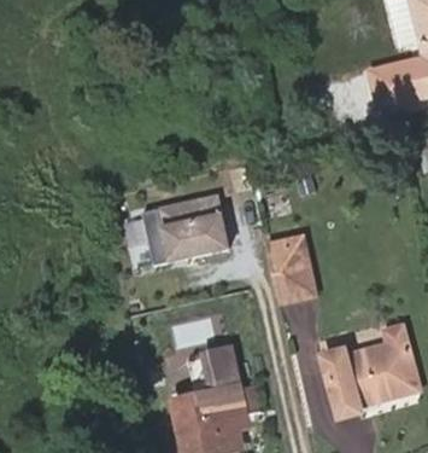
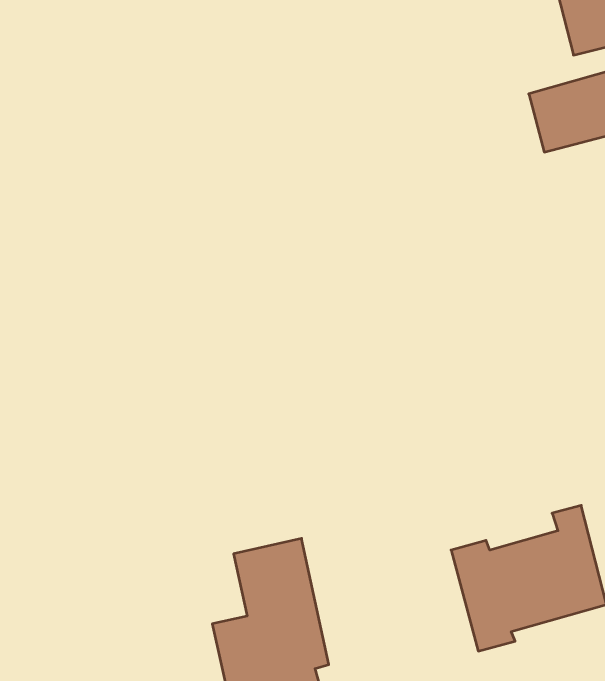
building: [139,196,227,266] -> none
building: [264,236,312,303] -> none

